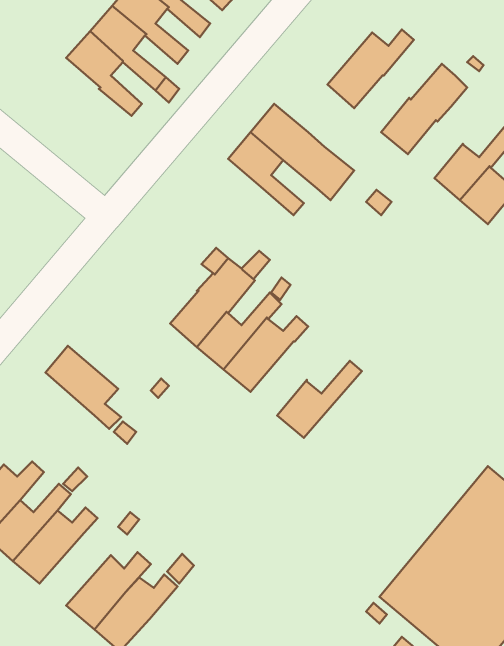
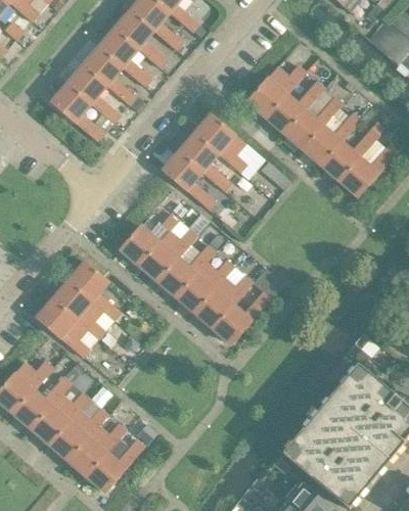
building: none -> [266,79,326,133]
building: none -> [52,82,105,140]
building: none -> [303,110,362,165]
building: none -> [164,151,216,208]
building: none -> [121,226,158,265]
building: none -> [69,262,121,320]
building: none -> [194,275,253,328]
building: none -> [37,298,89,356]
building: none -> [49,407,107,459]

